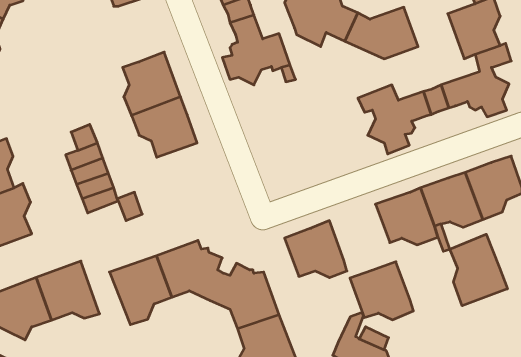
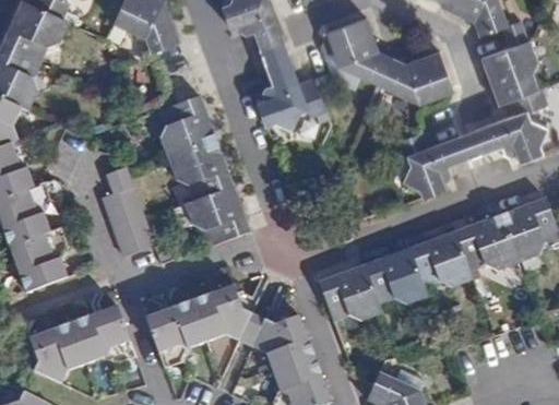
building: none -> [183,186,248,245]
building: [450,234,507,306] -> none
building: [350,262,413,320] -> [364,247,427,305]

